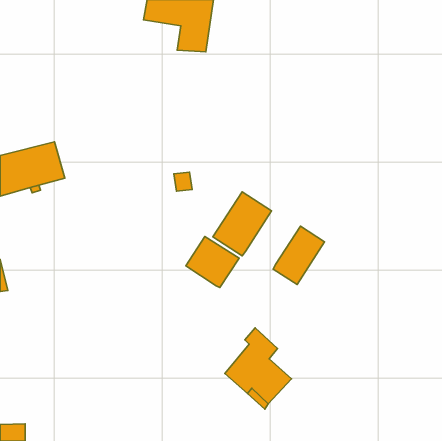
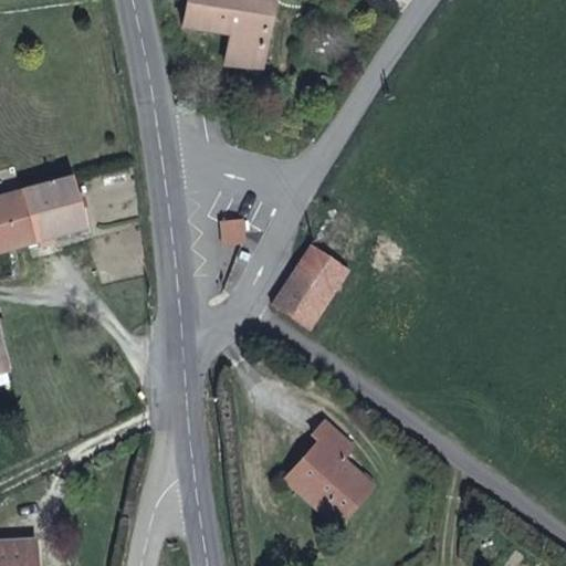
building: [273,226,325,285] -> none
building: [186,236,239,288] -> none

